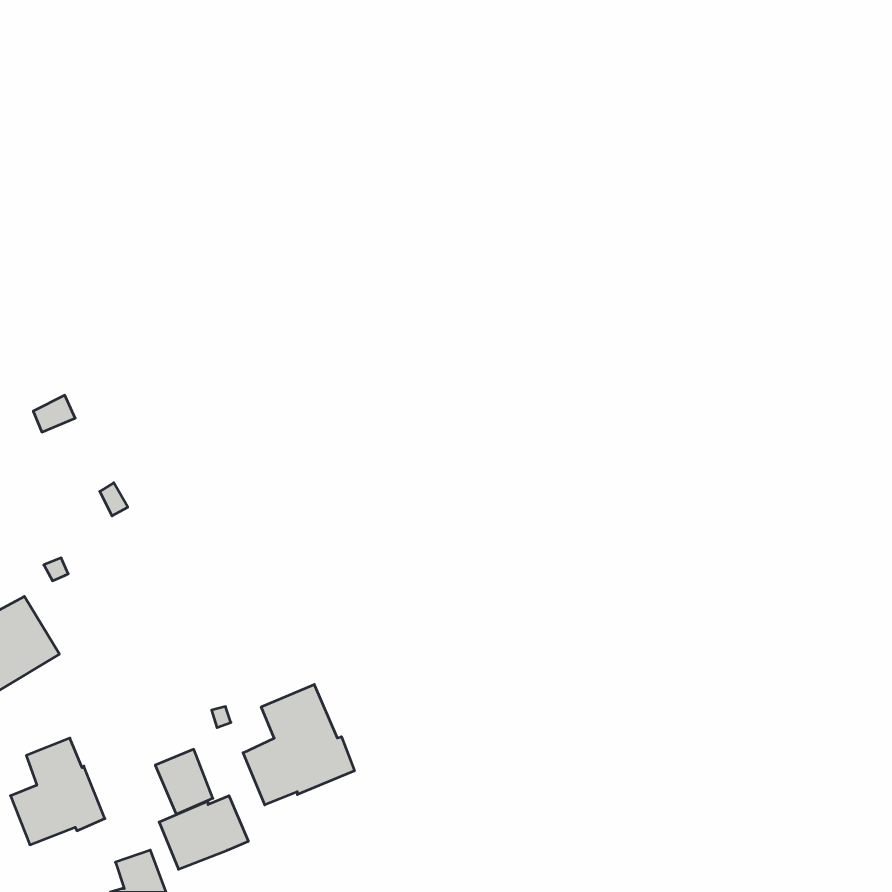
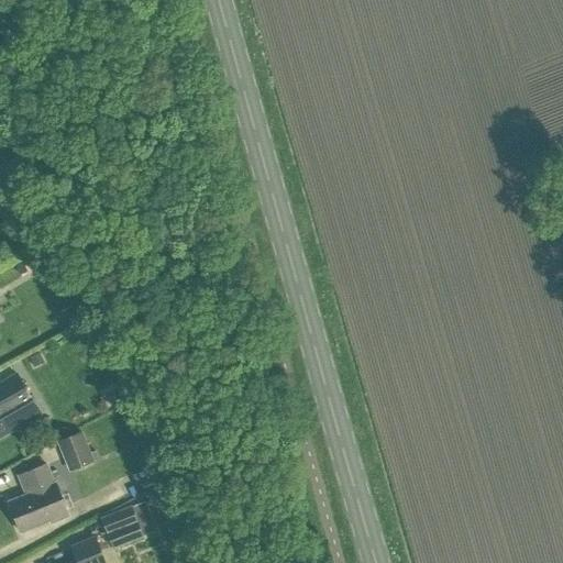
building: [243,684,354,805] -> none
building: [155,749,213,814] -> [56,429,92,470]

